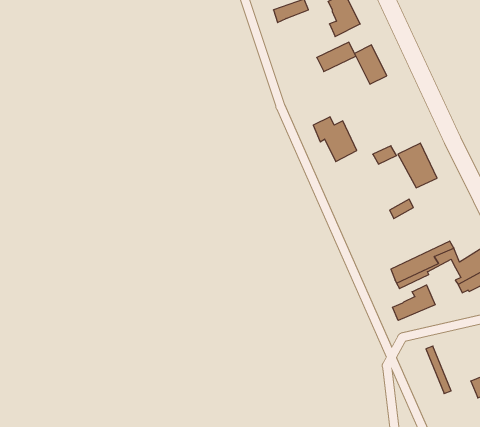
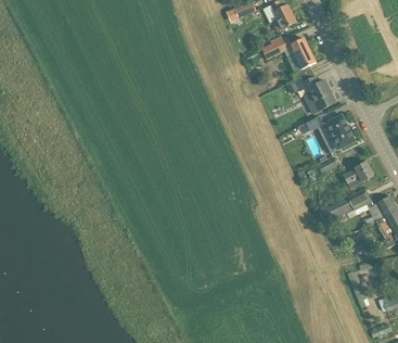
building: [313,117,357,162] -> [301,76,335,111]
building: none -> [343,161,373,188]
building: [393,285,435,320] -> none

